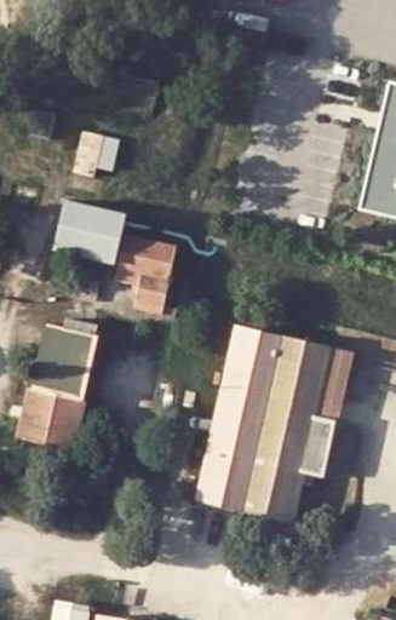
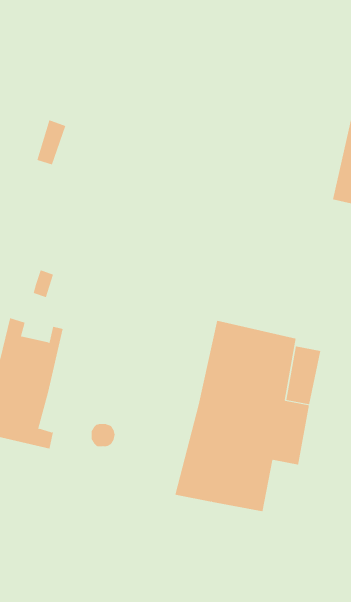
building: [53,201,117,264] -> none
building: [115,235,176,311] -> none

